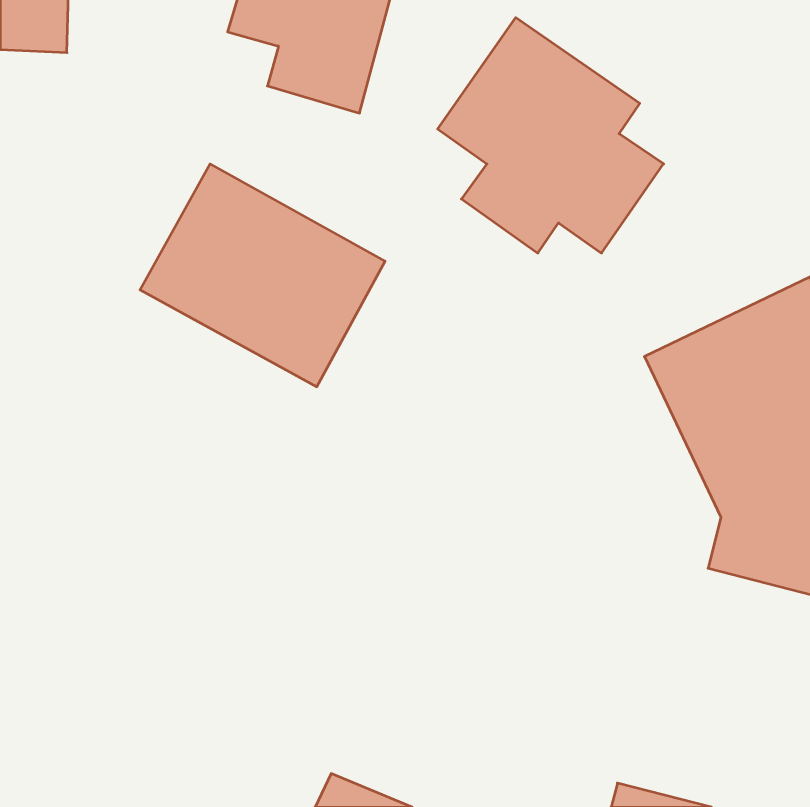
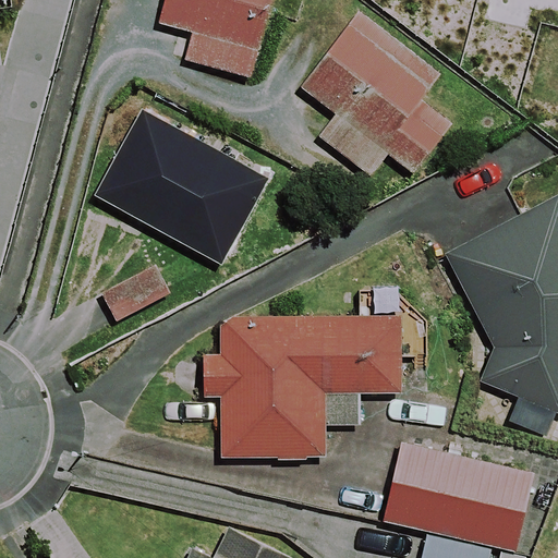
building: none -> [203,315,401,459]
building: none -> [422,453,535,544]

